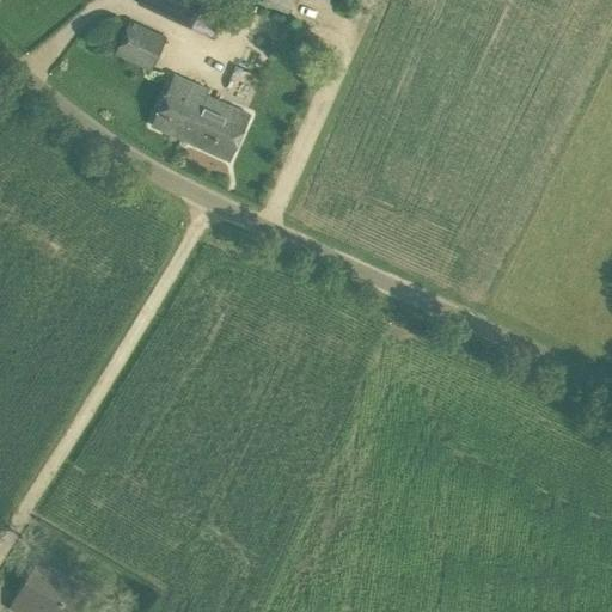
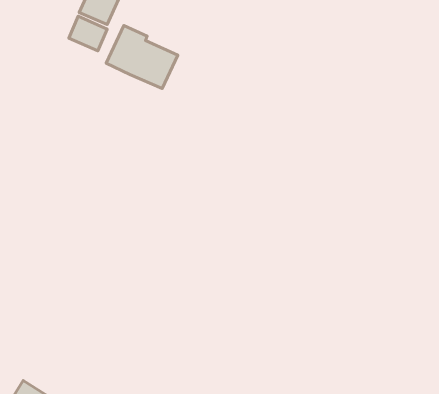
building: none -> [69,16,107,51]

